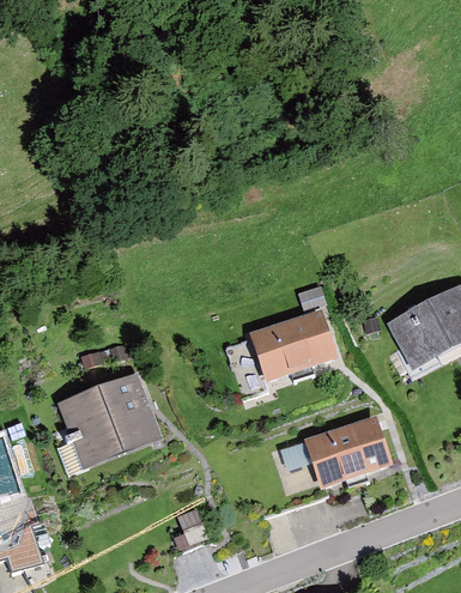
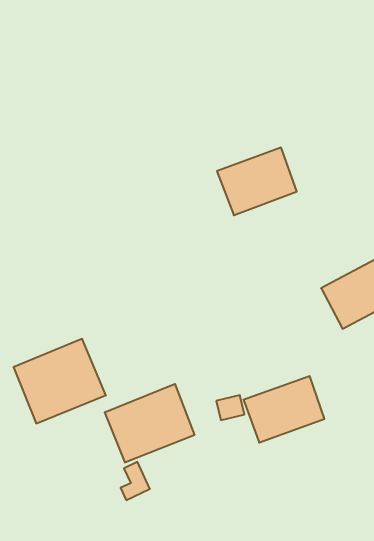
building: [253,310,338,382] -> [217,148,297,215]
building: none -> [105,384,194,463]

